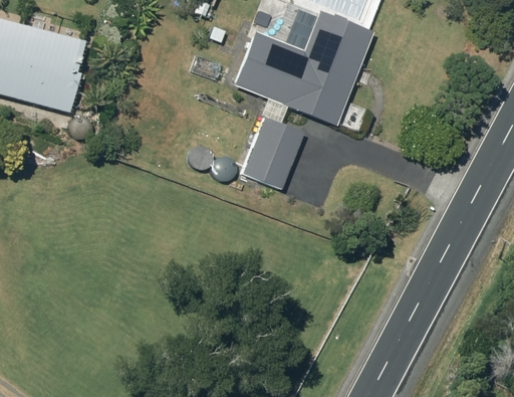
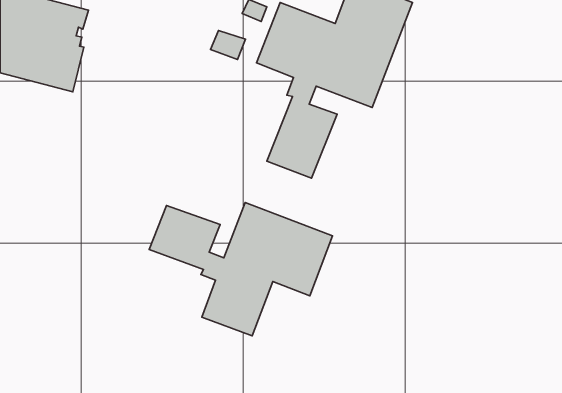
building: none -> [149,202,333,336]

